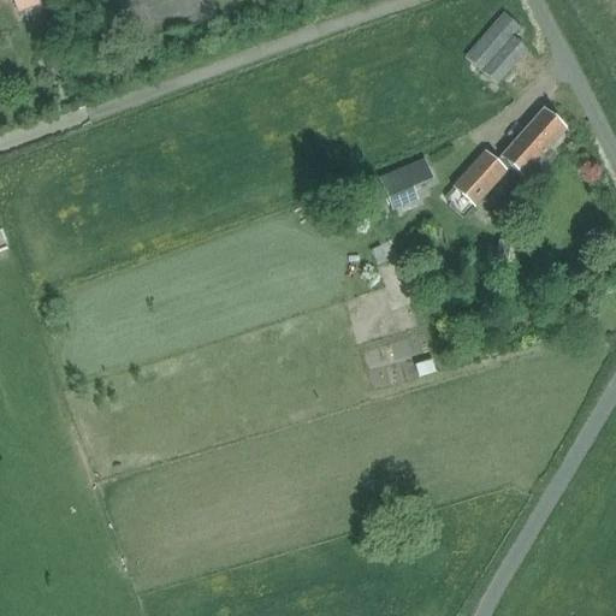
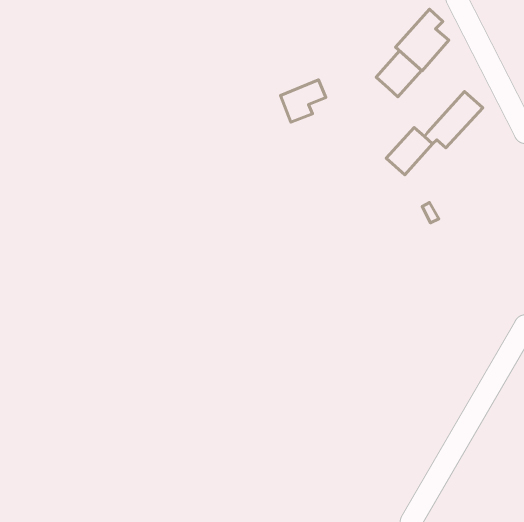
building: none -> [376,51,421,97]
building: [380,158,433,207] -> [281,80,326,122]

